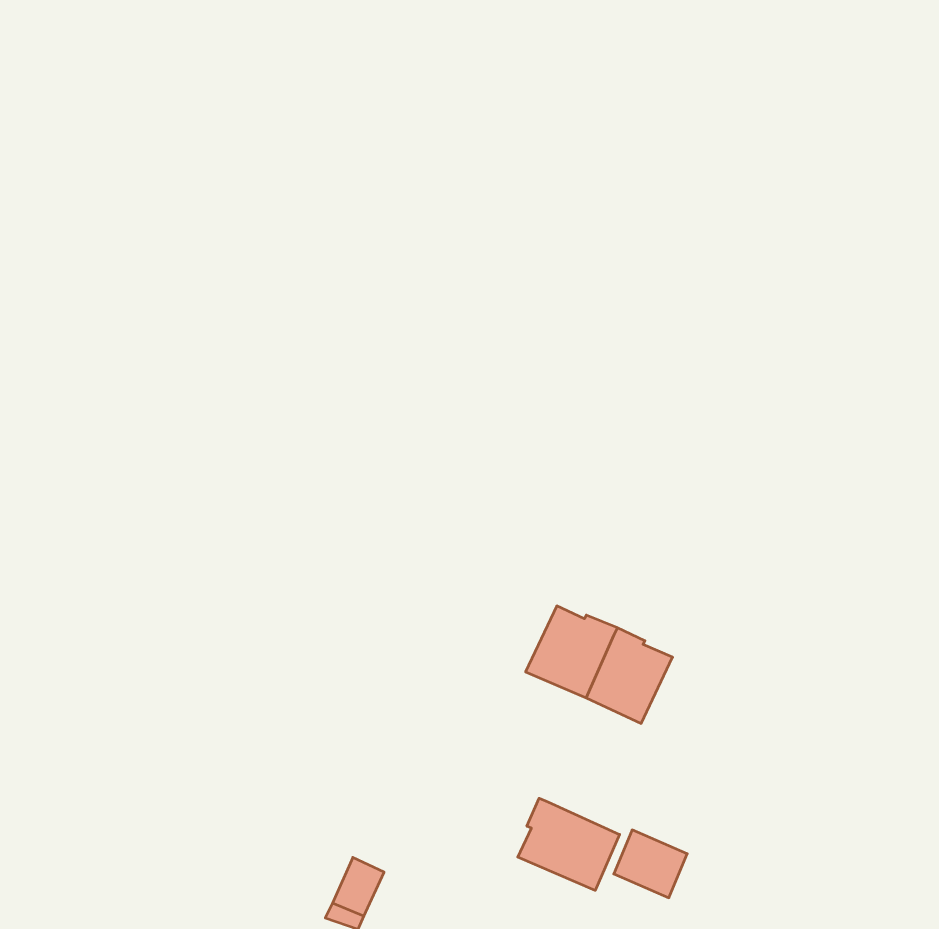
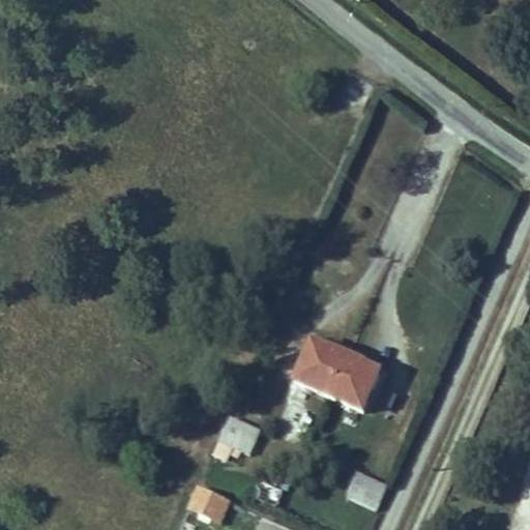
building: none -> [220,413,261,450]
building: [518,798,620,890] -> none

